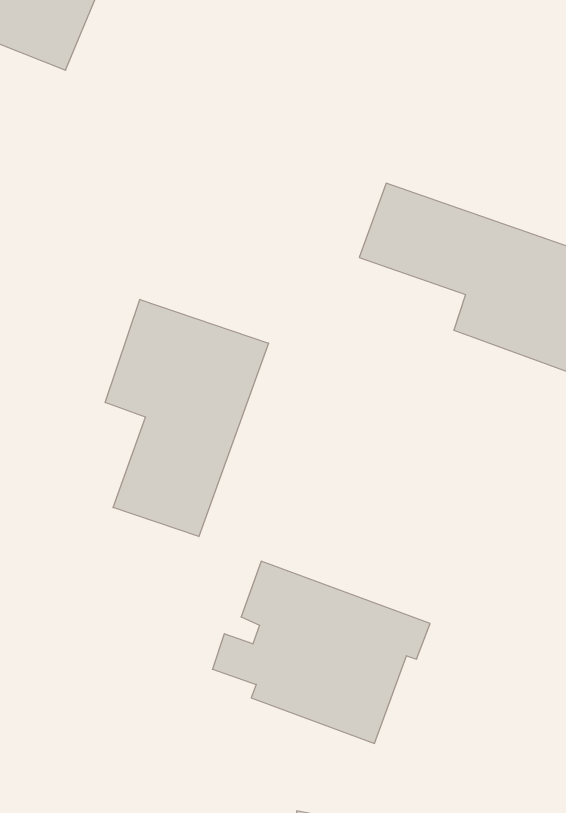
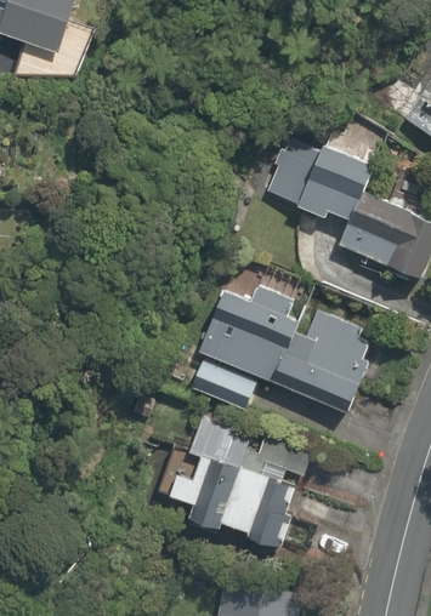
building: [105,299,269,537] -> none
building: none -> [195,262,376,398]

